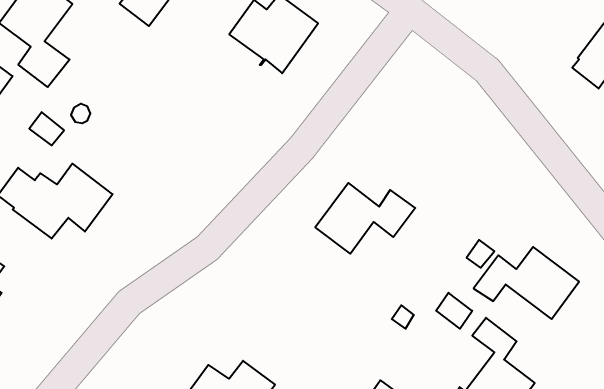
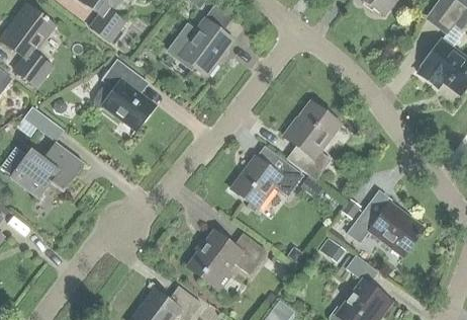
building: none -> [92,59,158,133]
building: none -> [285,100,341,179]
building: none -> [188,231,267,290]

